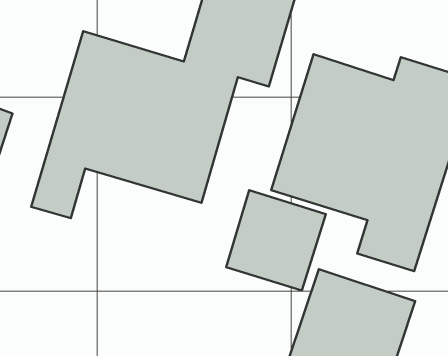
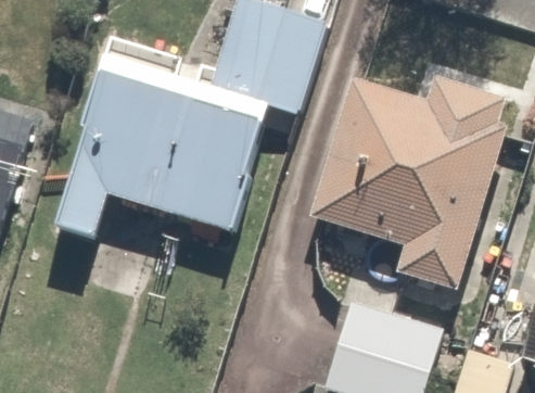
building: [226,190,326,290] -> none

